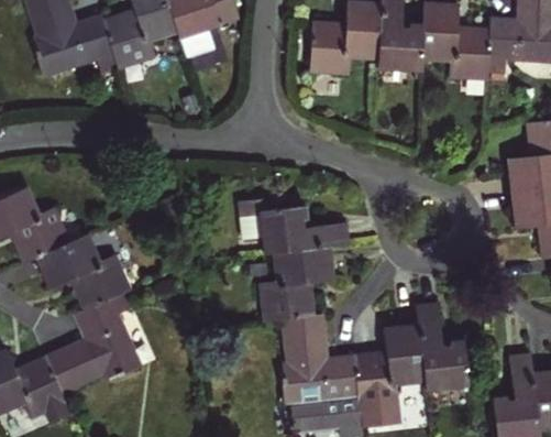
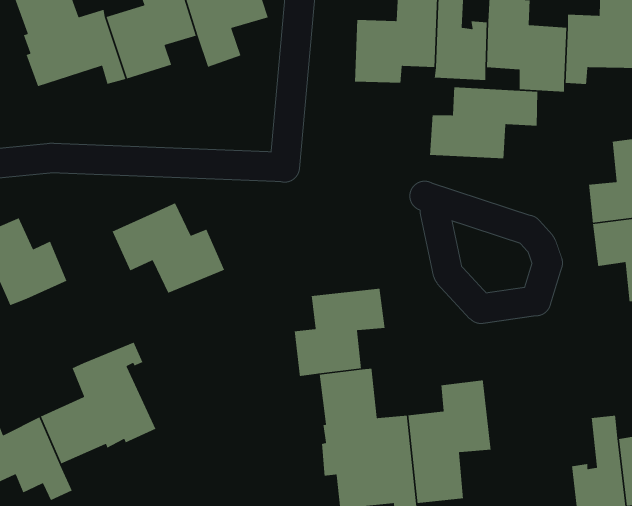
building: none -> [429,87,538,159]
building: [236,198,351,254] -> none
building: [35,232,131,309] -> [111,202,225,294]
building: [417,301,470,391] -> none

